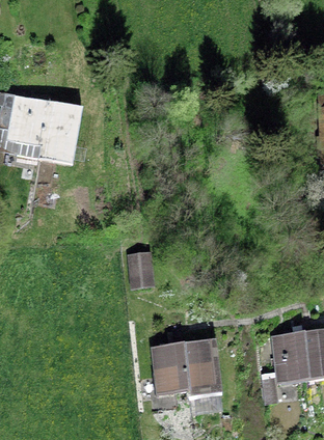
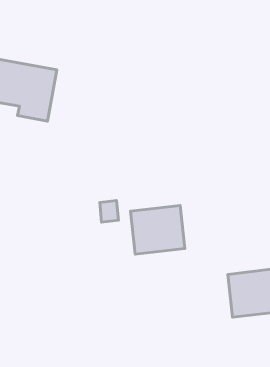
building: [152,341,212,395] -> [131,206,185,254]

